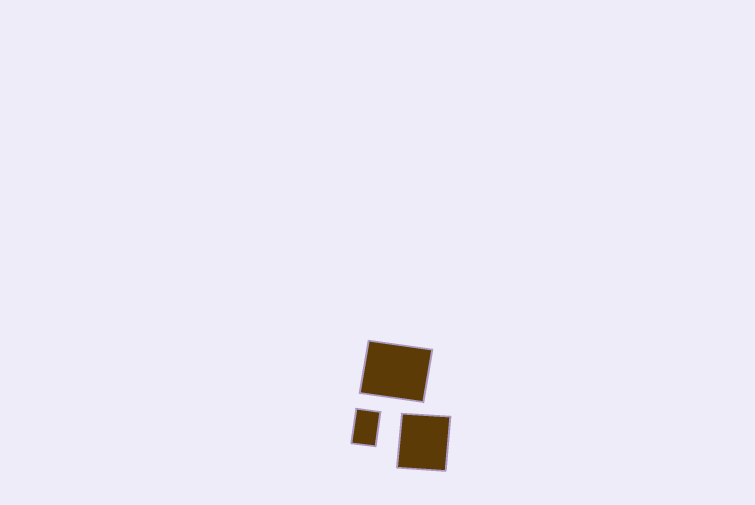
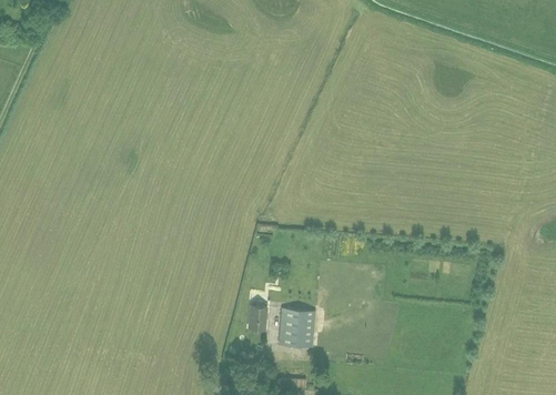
building: [360,341,432,402] -> none

